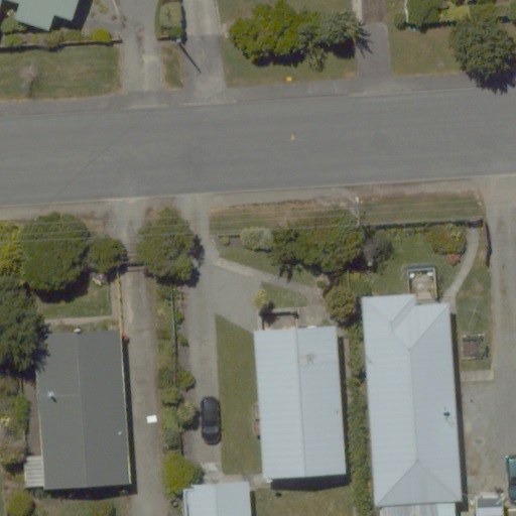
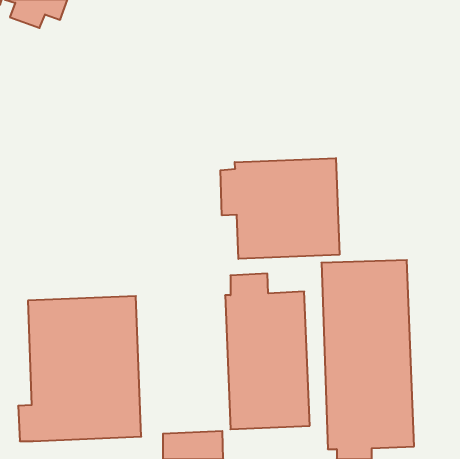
building: none -> [220,158,339,259]

